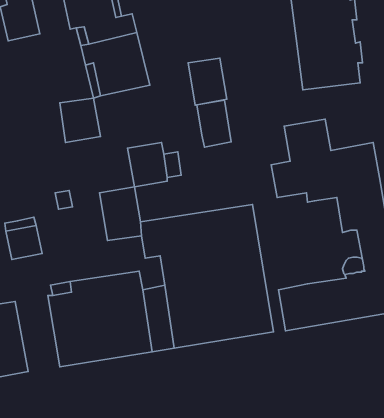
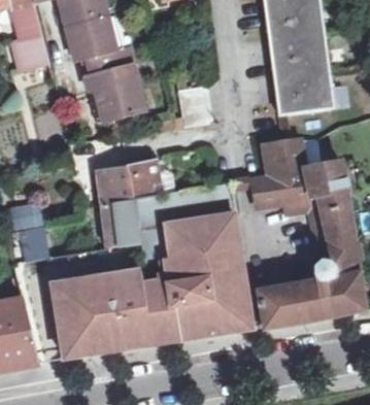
building: [60,98,101,142] -> [95,166,131,205]
building: [197,100,231,147] -> none

